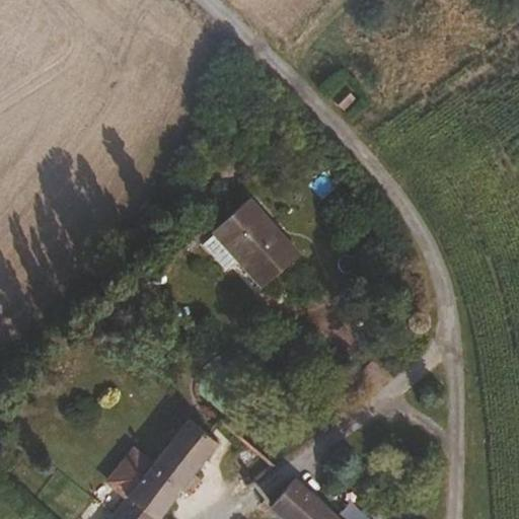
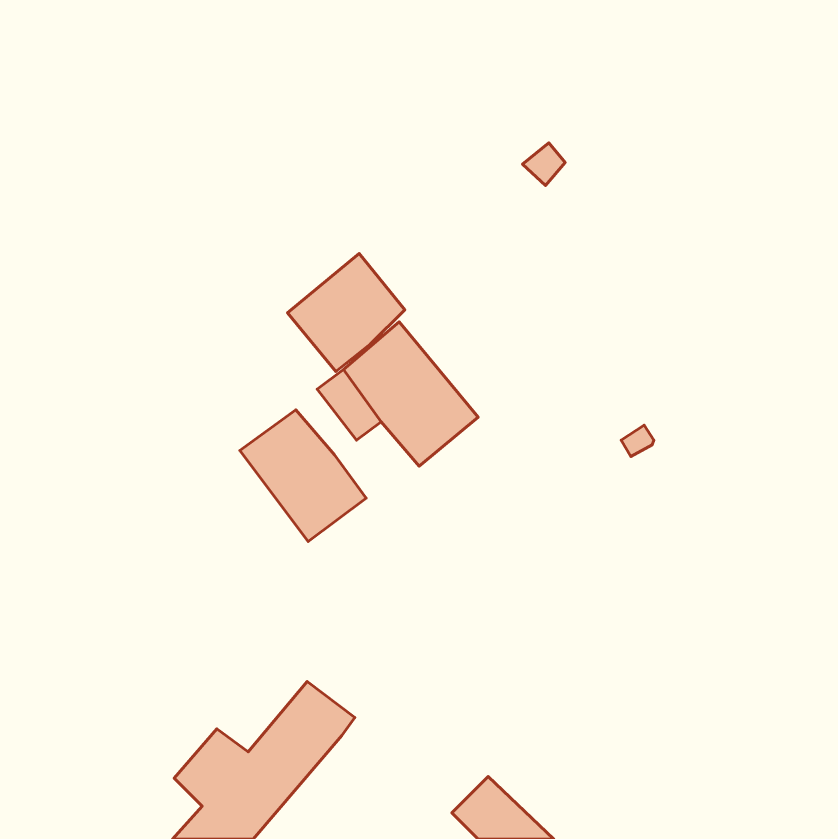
building: none -> [288,254,405,372]
building: none -> [240,410,366,541]

